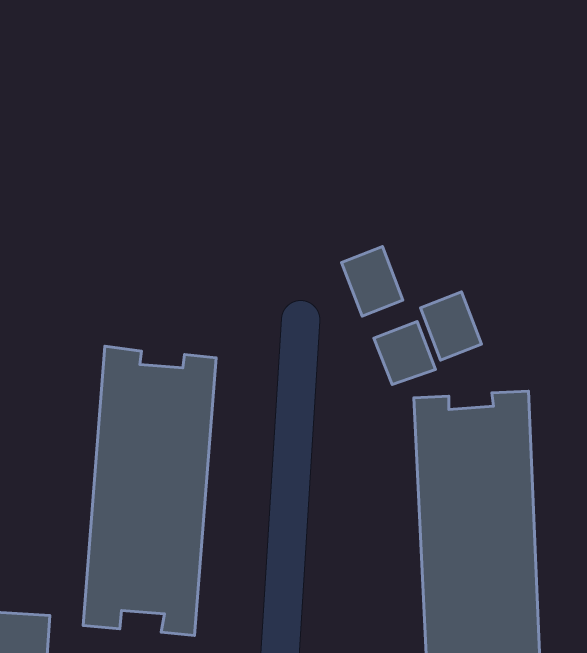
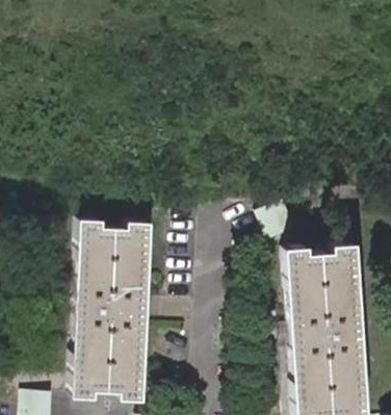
building: [342,247,403,316] -> none
building: [420,292,482,360] -> none

